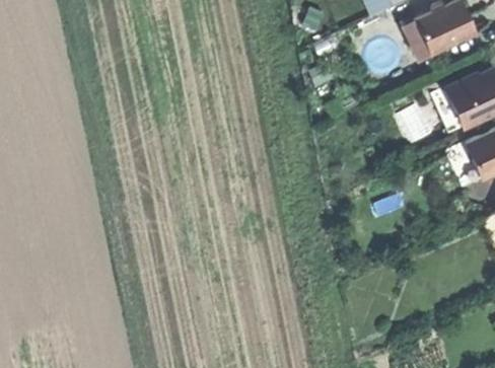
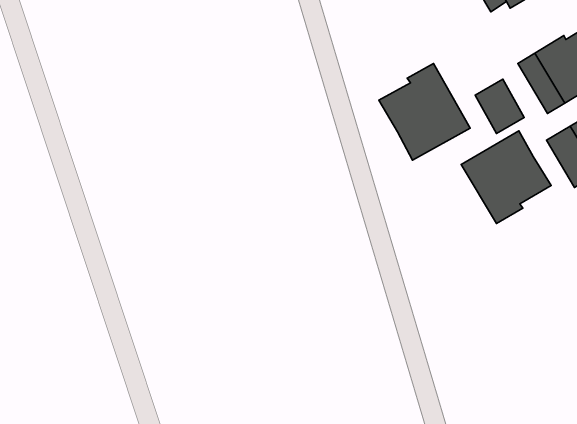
building: none -> [379,64,470,160]
building: none -> [461,131,551,224]

